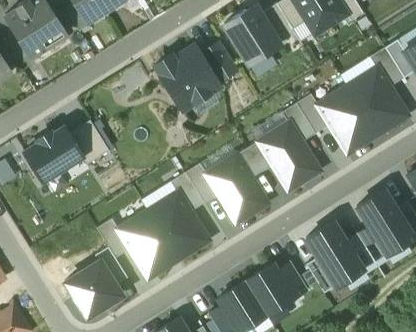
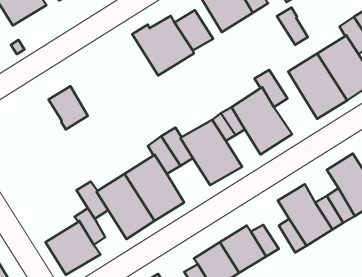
building: [297,94,329,133] -> [277,7,308,45]
building: [25,127,82,180] -> none

